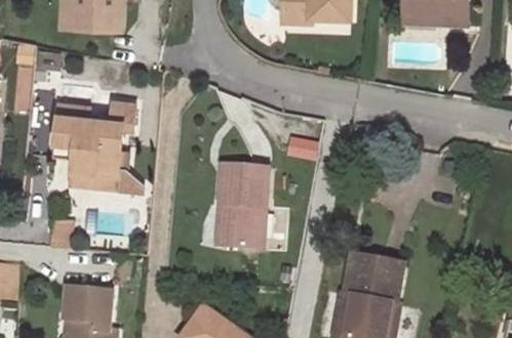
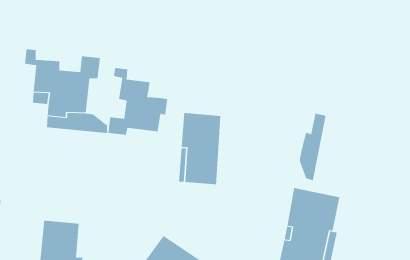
building: none -> [108,67,168,135]
building: none -> [299,113,326,181]

